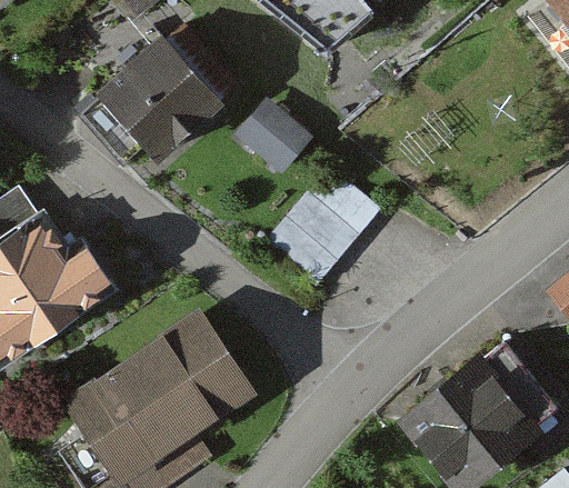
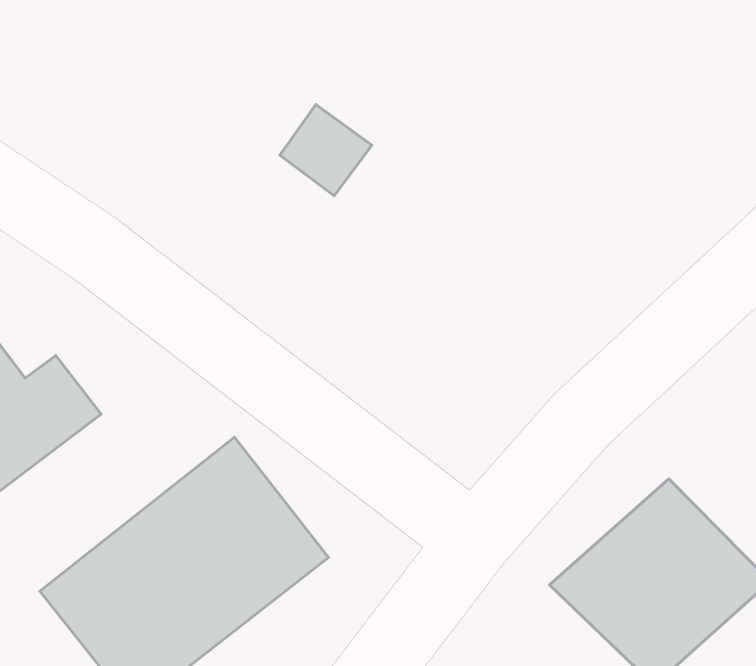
building: [83,29,222,166] -> none
building: [269,163,385,283] -> none

